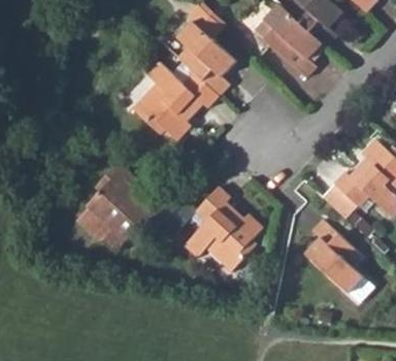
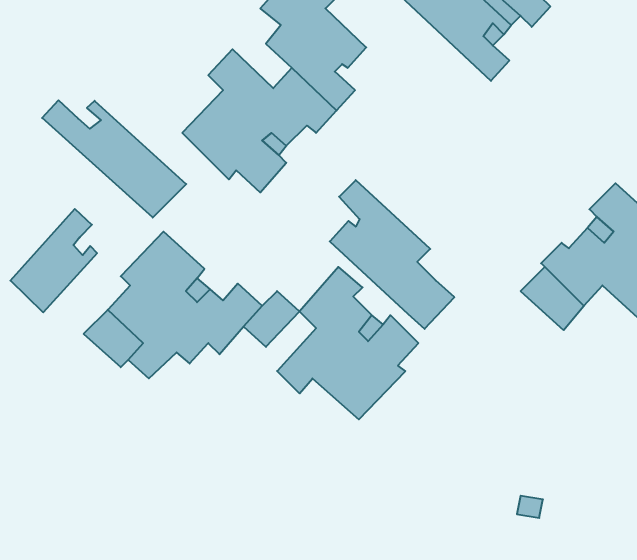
building: none -> [42,100,186,218]
building: none -> [10,209,97,312]
building: [306,219,375,301] -> [330,180,454,329]

